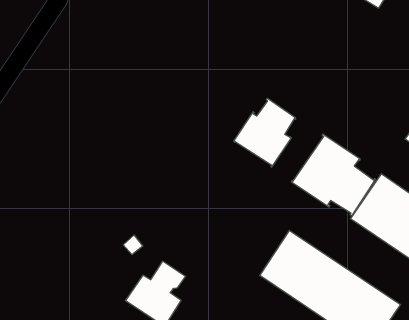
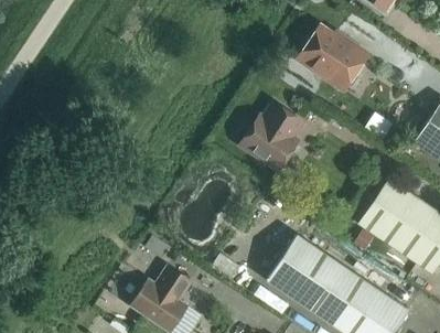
building: none -> [298,26,367,89]
building: [291,134,375,216] -> none

